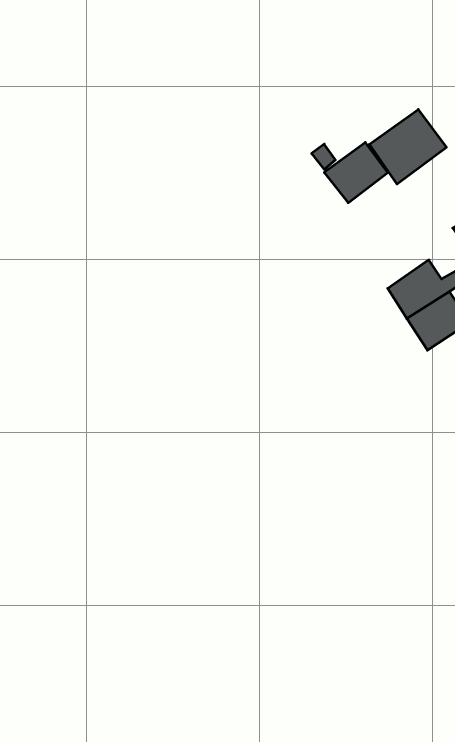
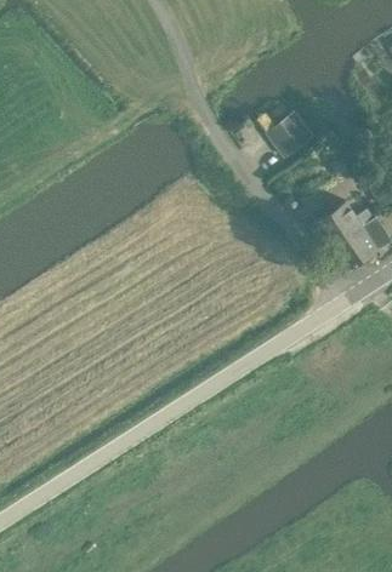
building: [369,109,446,184] -> none

